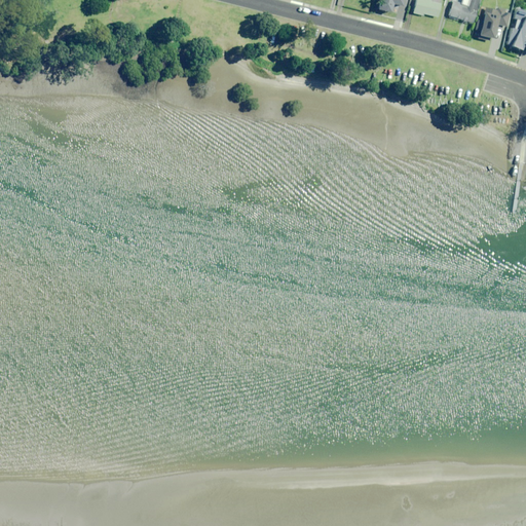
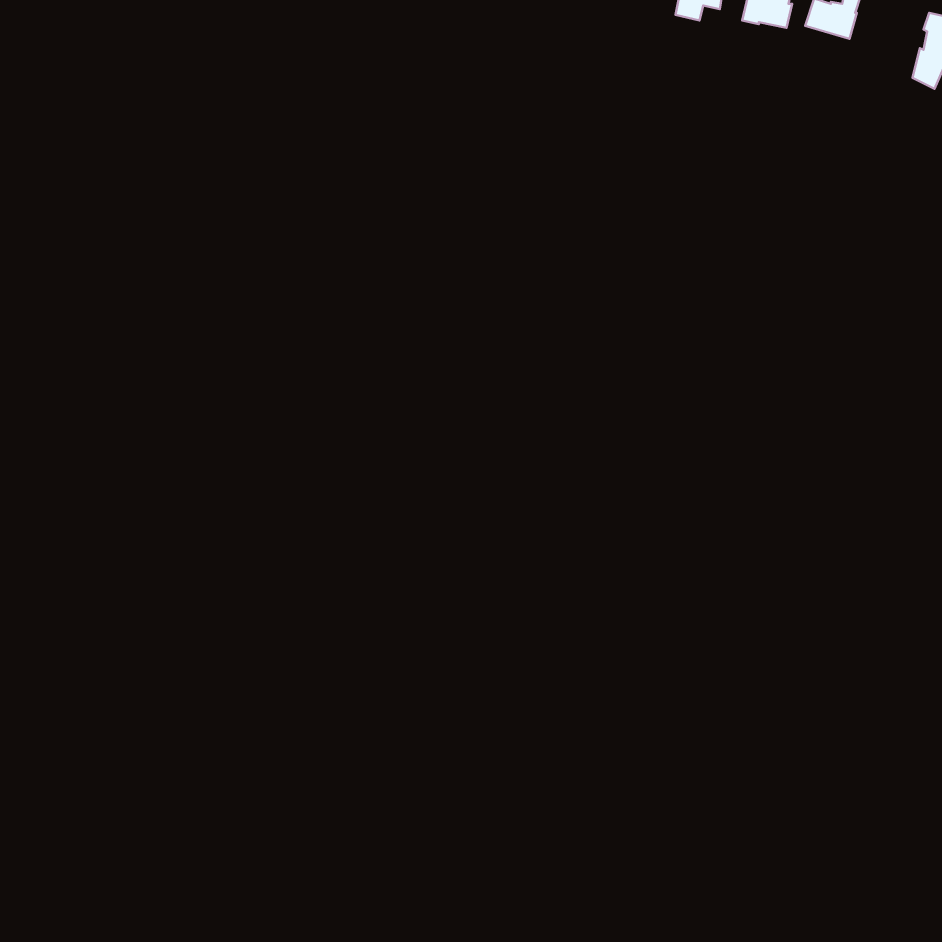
building: [479,6,510,40] -> none

